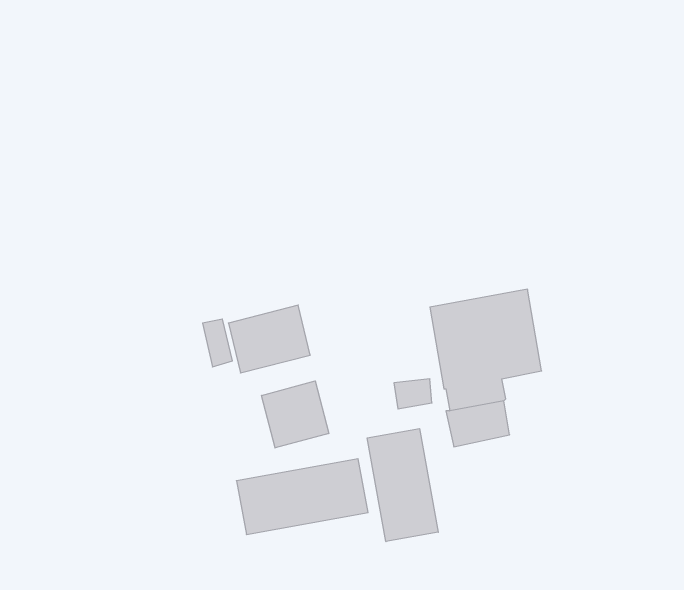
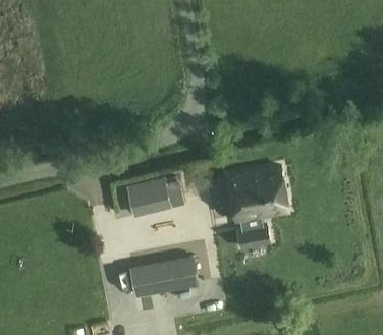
building: [262,381,329,448] -> none
building: [367,429,438,542] -> none

